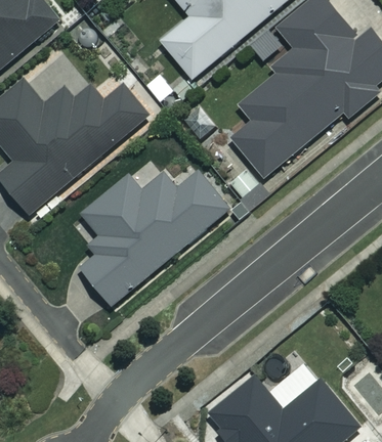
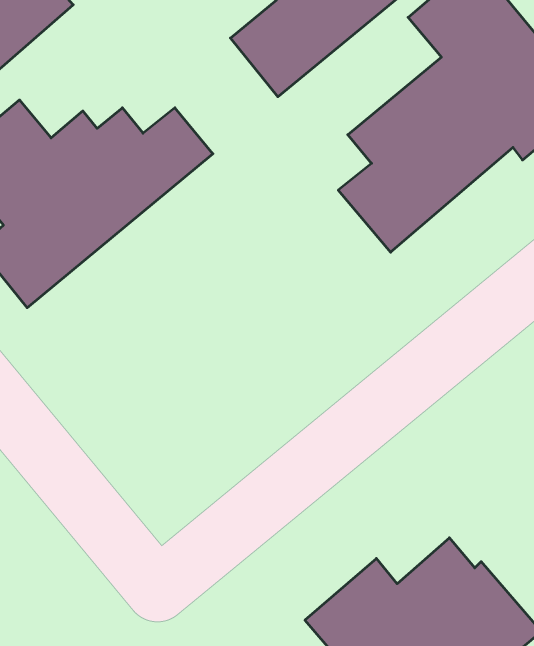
building: [82,171,229,305] -> none

